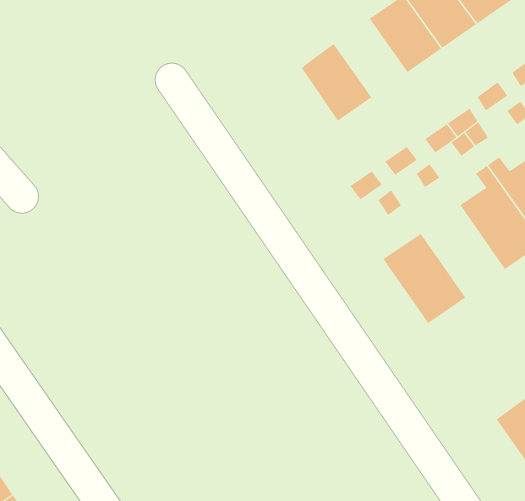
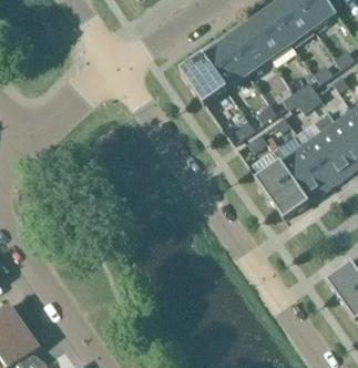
building: none -> [224,23,270,73]
building: none -> [181,54,226,104]
building: none -> [273,142,333,201]

